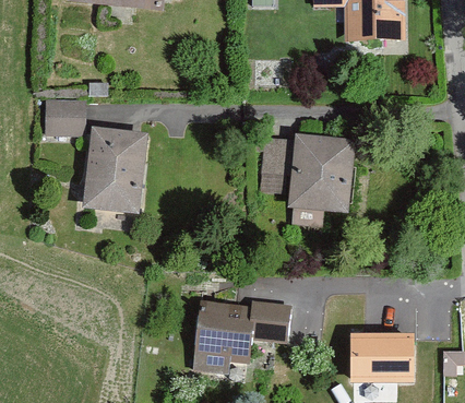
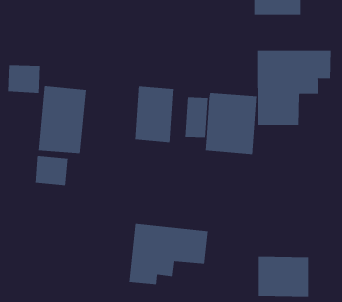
building: none -> [257,50,331,126]
building: none -> [135,85,174,143]
building: none -> [35,155,68,186]

